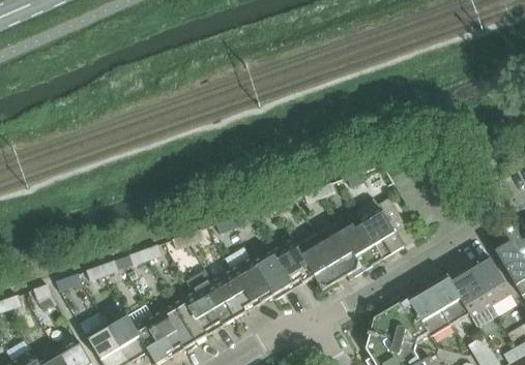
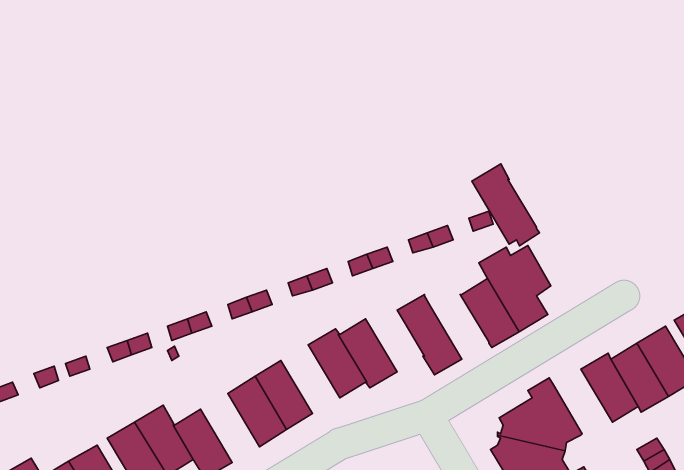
building: [315,220,363,279] -> [472,164,539,246]
building: [272,237,315,287] -> none
building: [211,268,254,317] -> none
building: [408,285,450,336] -> none
building: [153,303,196,353] -> none

